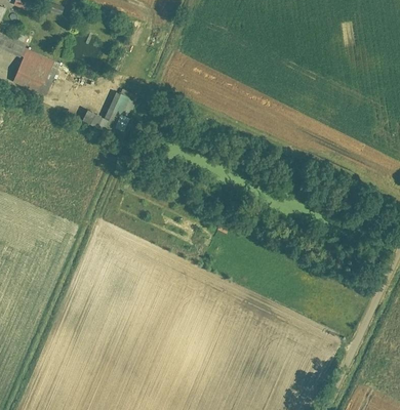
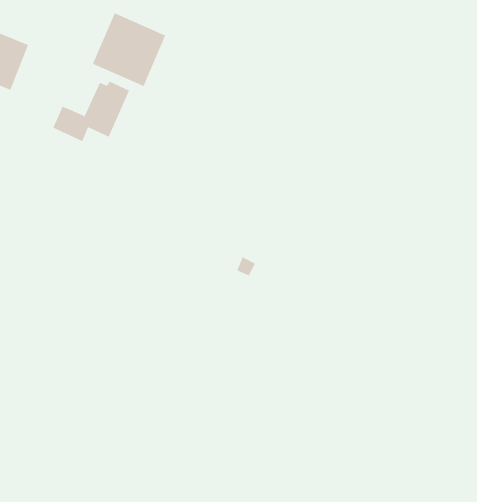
building: none -> [92,13,166,87]

